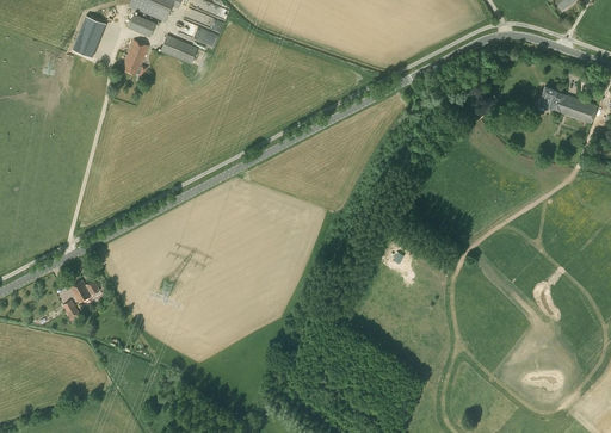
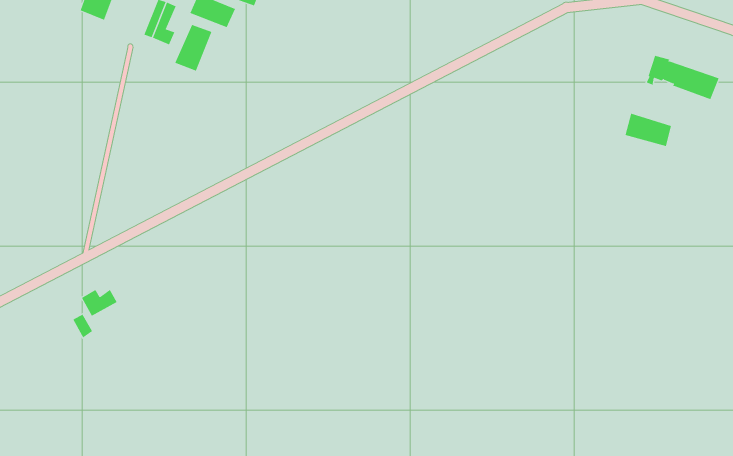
building: none -> [175,24,212,72]
building: none -> [625,113,671,147]

